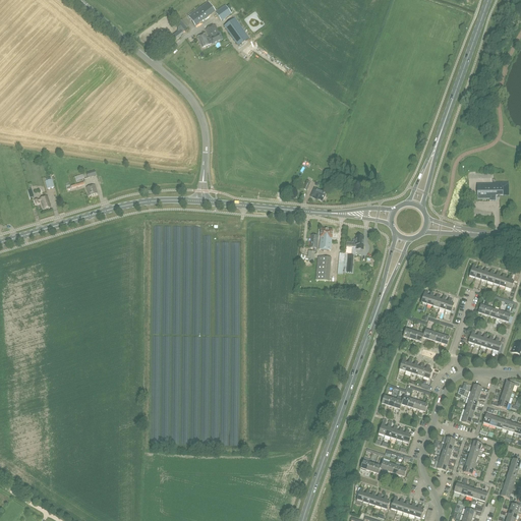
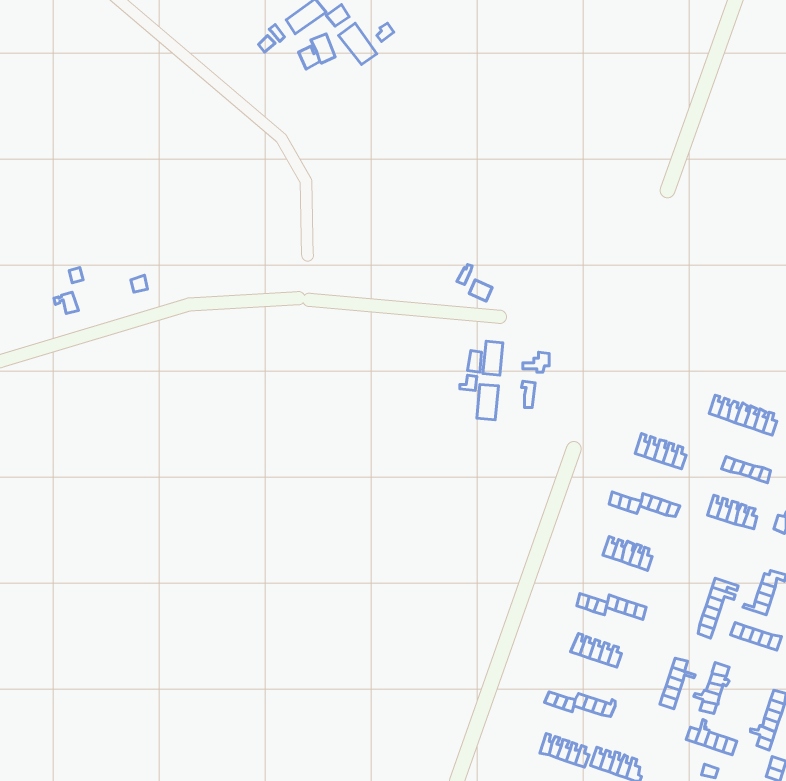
building: [477,180,509,198] -> none

